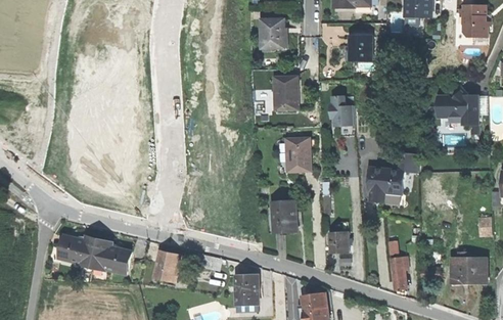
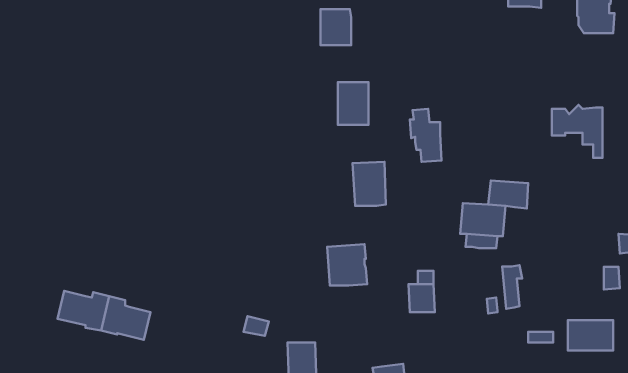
building: [349,36,373,60] -> none
building: [153,249,183,282] -> none
building: [392,256,407,289] -> [502,265,522,309]

